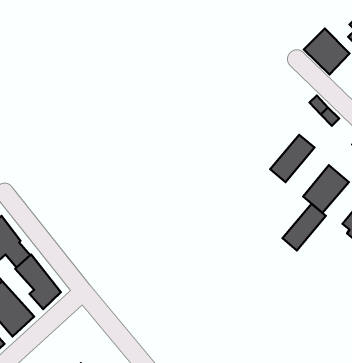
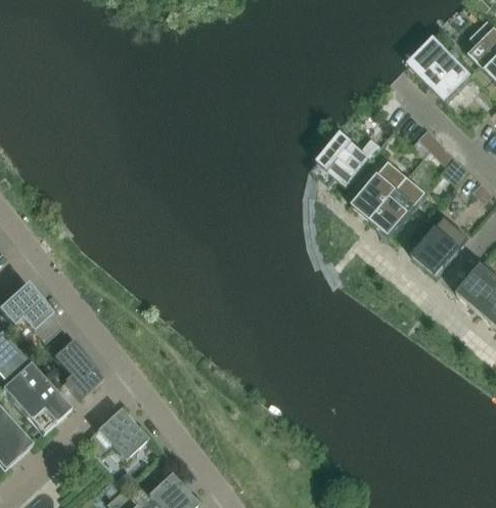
building: none -> [317,131,380,185]
building: [282,204,326,250] -> [351,162,406,221]
building: none -> [96,408,146,459]

